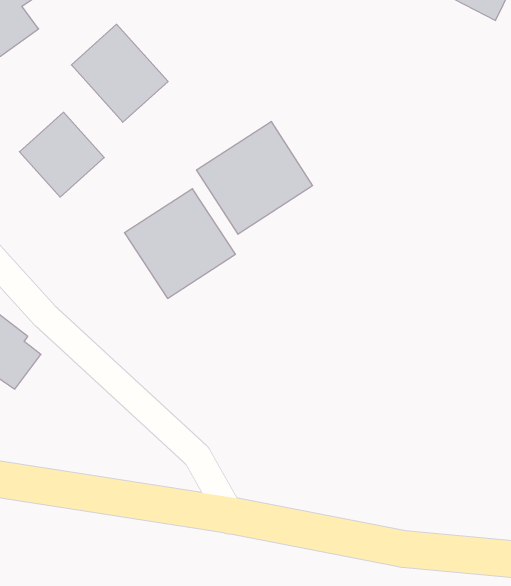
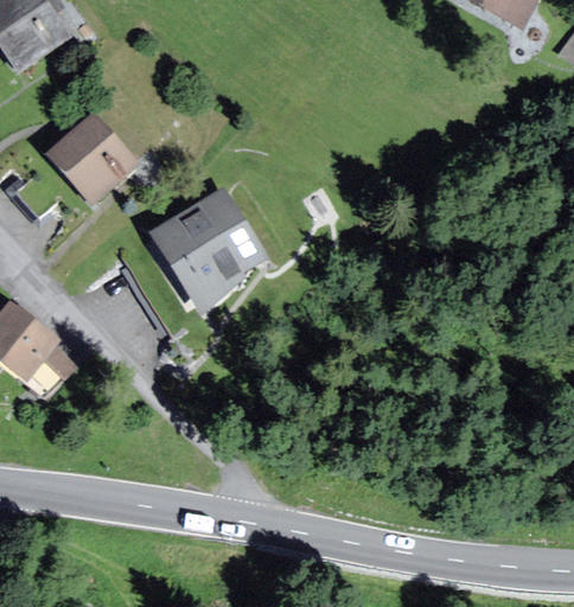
building: [71,24,168,122] -> none
building: [197,121,313,234] -> none

